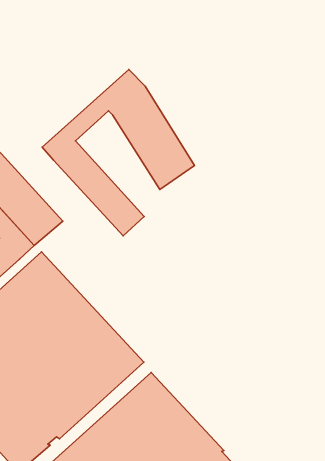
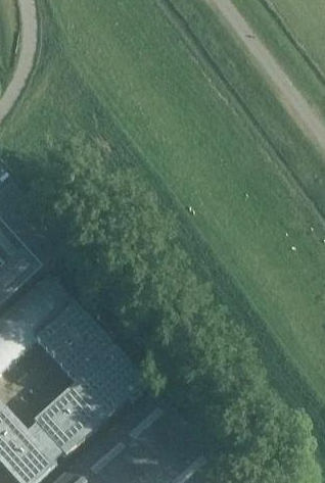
building: [42,69,195,236] -> none

